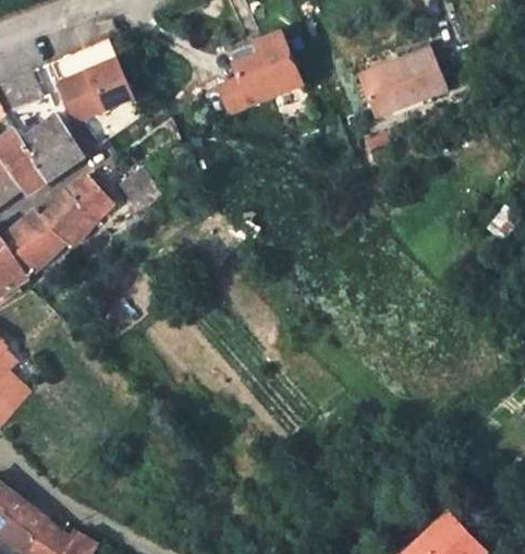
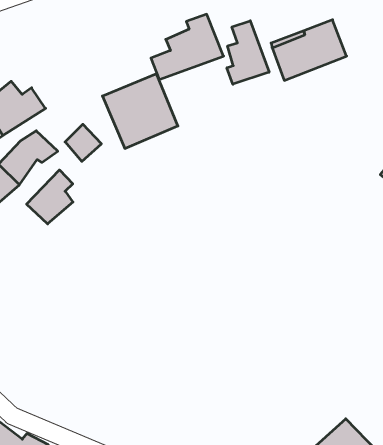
building: [52,37,141,124] -> [102,74,178,148]
building: none -> [227,21,269,84]
building: none -> [27,170,73,224]

